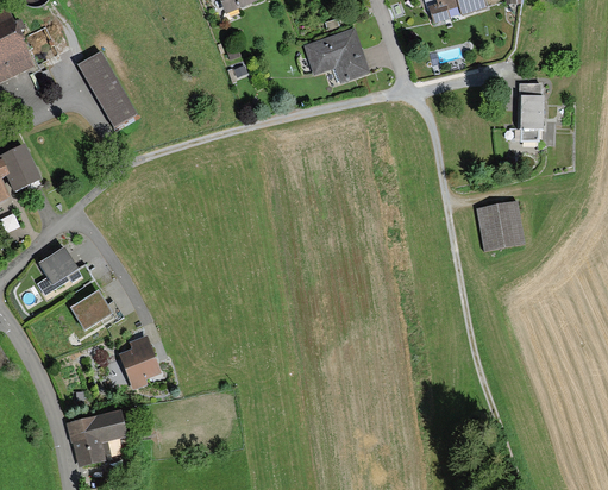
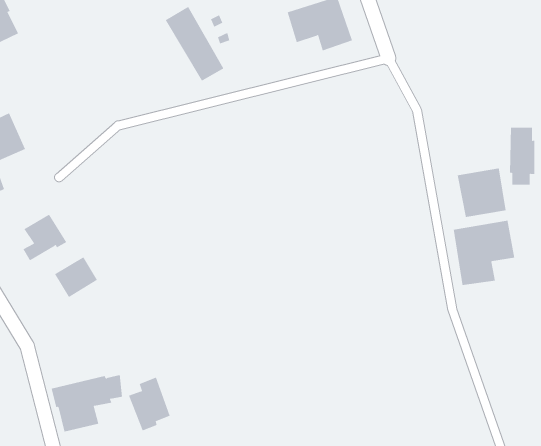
building: [76,50,136,126] -> [165,6,224,82]
building: [518,82,544,140] -> [509,127,535,185]
building: none -> [453,220,515,286]
building: [118,334,161,389] -> [128,377,171,431]

